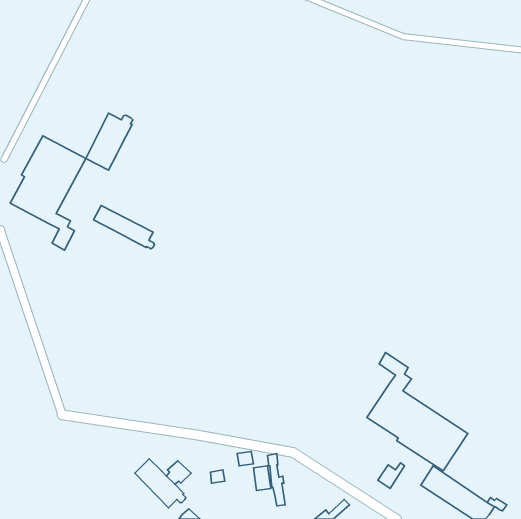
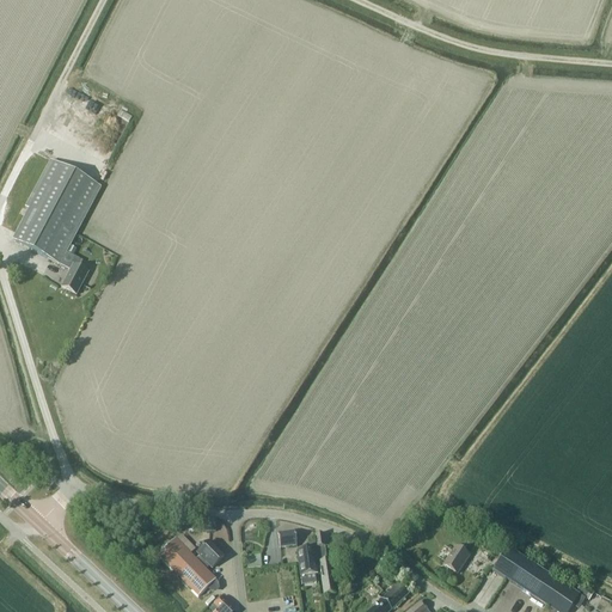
building: [86,113,133,170] -> none
building: [94,206,154,249] -> none
building: [367,352,468,471] -> none

